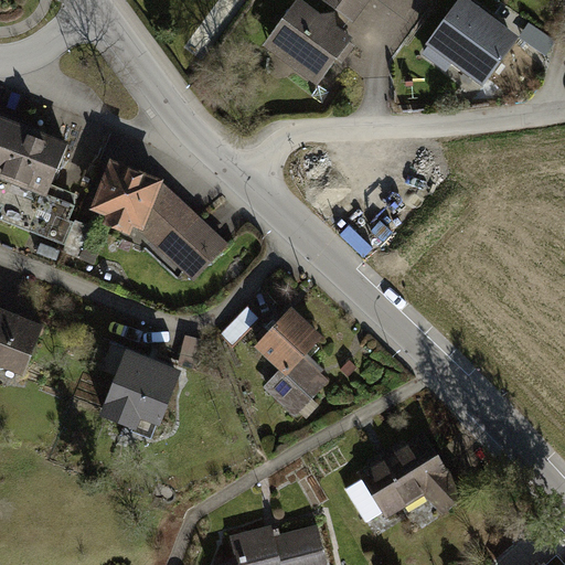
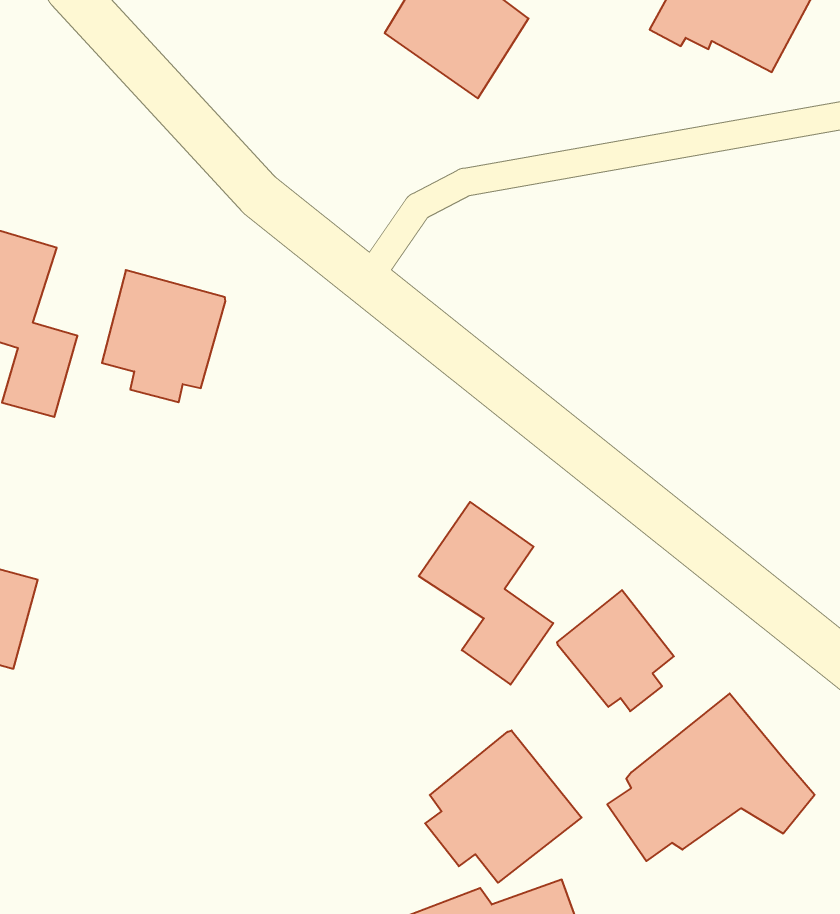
building: [143,182,228,278] -> none
building: [104,358,175,438] -> none
building: none -> [557,590,674,711]
building: none -> [425,730,582,883]

